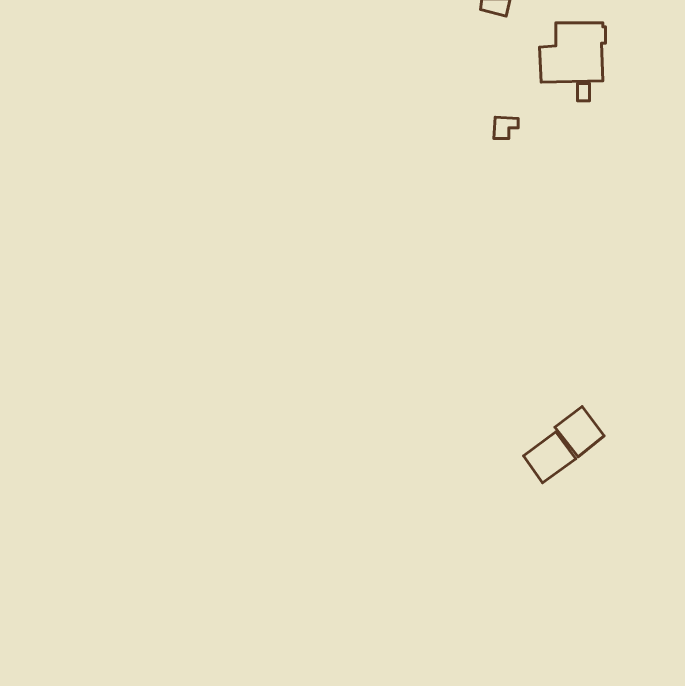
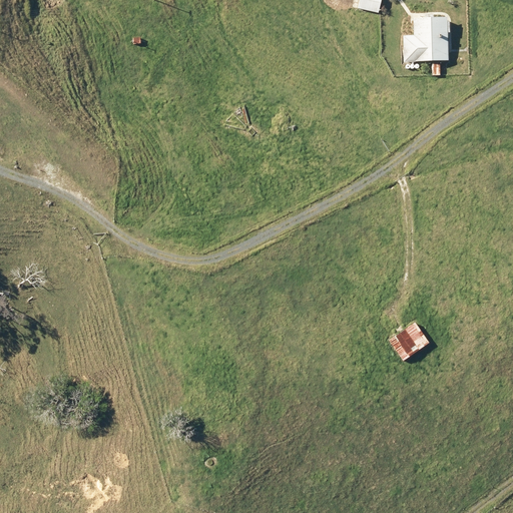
building: [555,407,604,457] -> none

